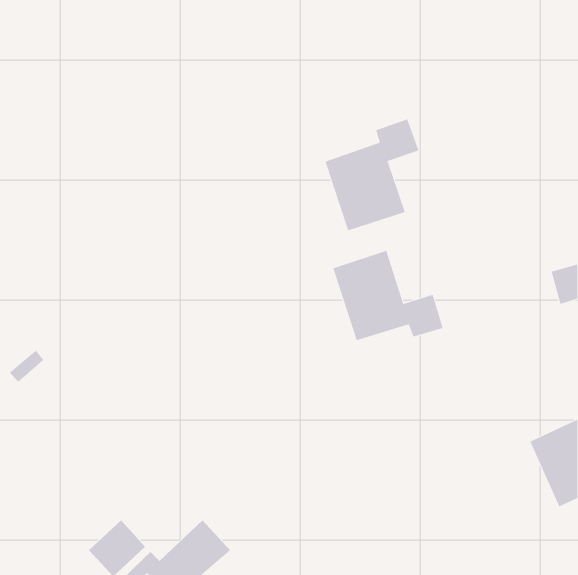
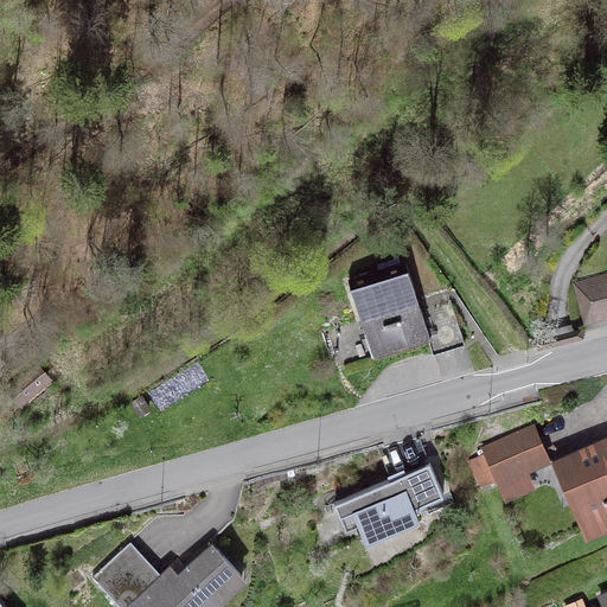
building: [325,118,419,231] -> none
building: none -> [469,428,548,487]
building: none -> [347,465,442,539]

